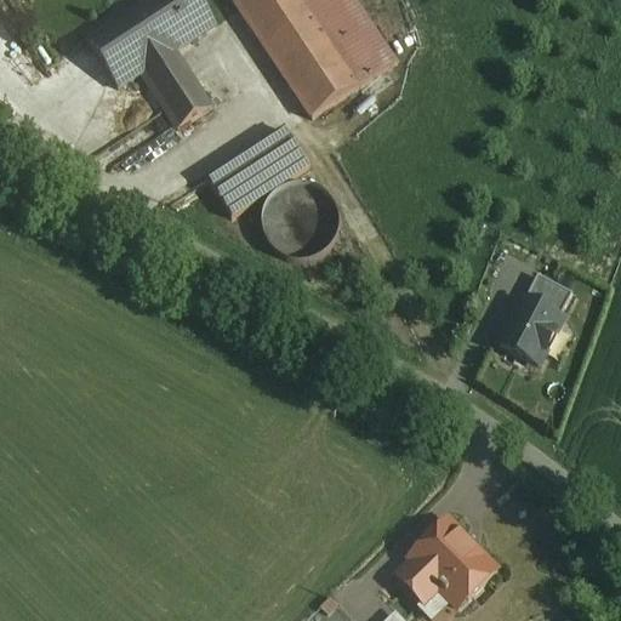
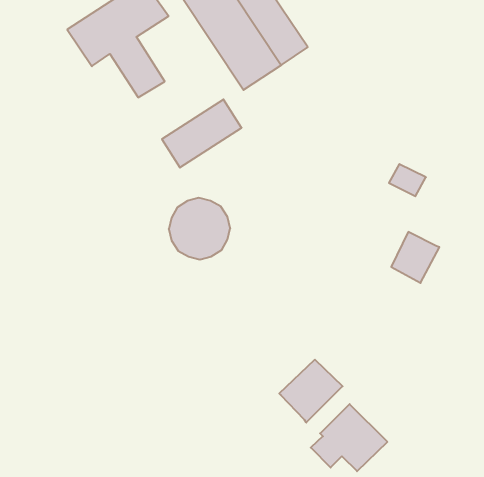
building: [261,181,340,260] -> [169,198,230,259]
building: [525,274,572,315] -> [389,164,426,196]
building: none -> [279,360,343,423]

